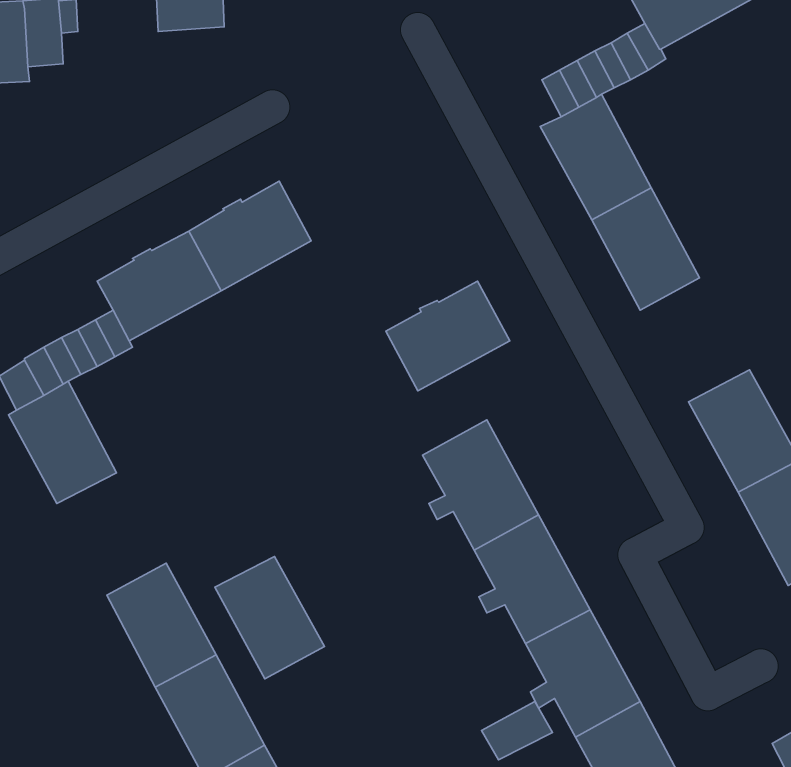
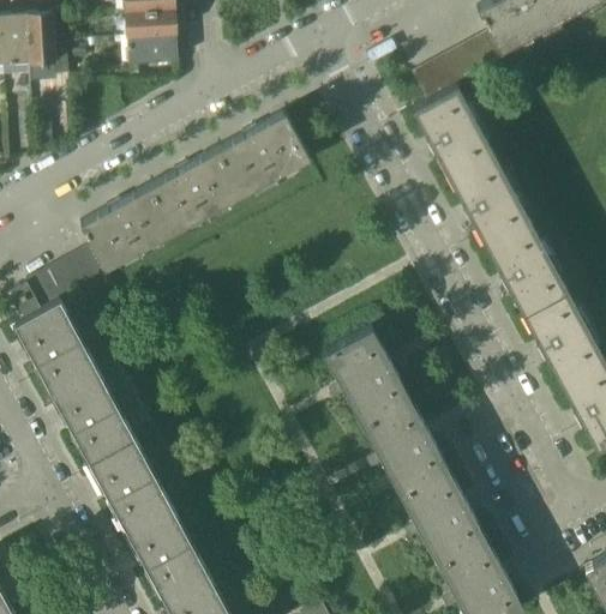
building: none -> [126,34,178,64]
building: none -> [485,221,566,313]
building: [386,281,510,391] -> [216,112,308,193]
building: [215,556,325,679] -> [50,366,132,457]
building: [481,702,553,760] -> none

